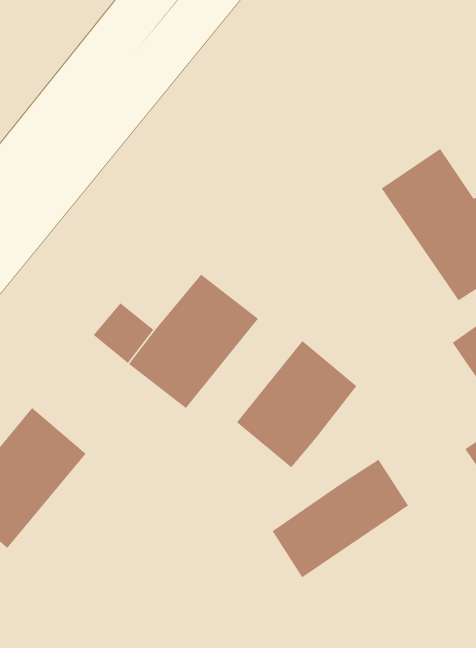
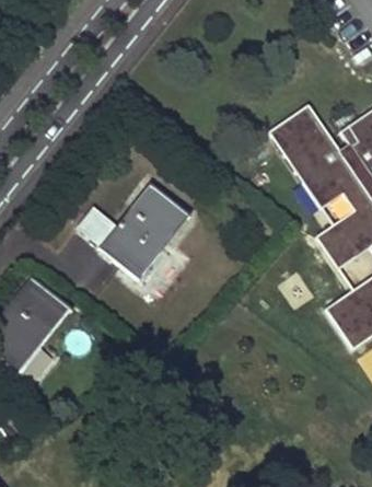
building: [236,340,357,468] -> none
building: [272,459,409,578] -> none

